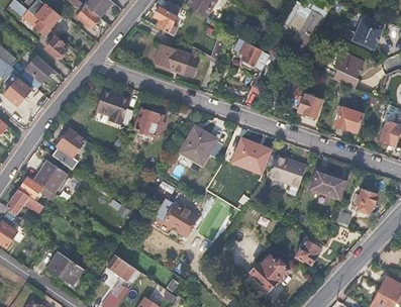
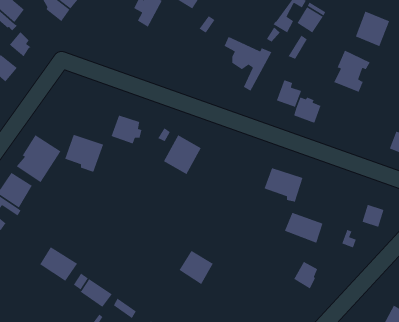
building: [152,42,190,75] -> none
building: [93,89,128,123] -> [64,134,104,173]
building: [335,109,363,133] -> none
building: [231,139,270,174] -> none
building: [310,171,345,199] -> [284,212,324,244]
building: [164,204,195,235] -> [179,250,214,285]
building: [47,252,82,284] -> [39,246,78,282]
building: [252,254,288,289] -> none

